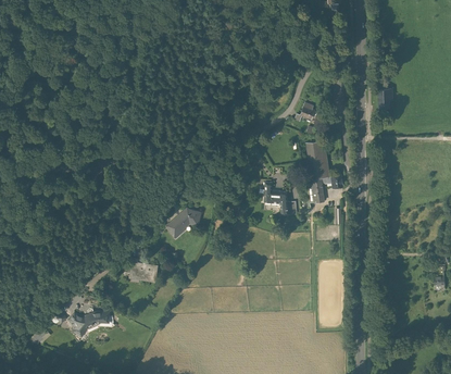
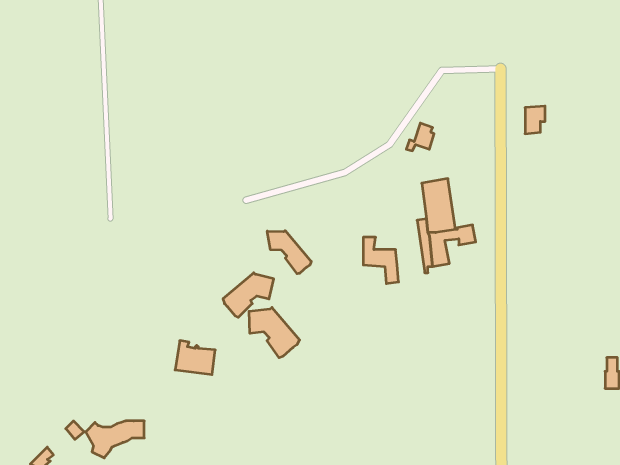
building: none -> [267,231,311,274]
building: none -> [249,307,300,358]

